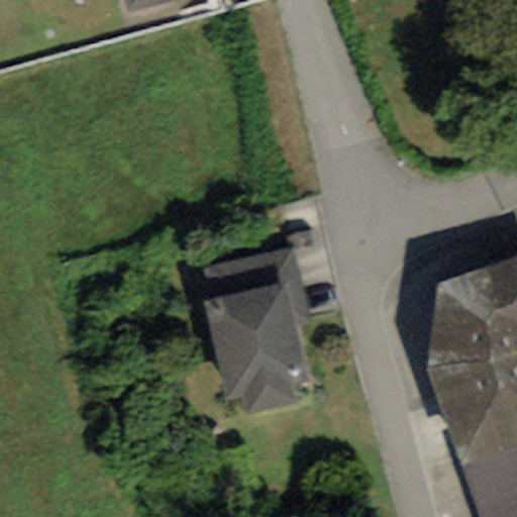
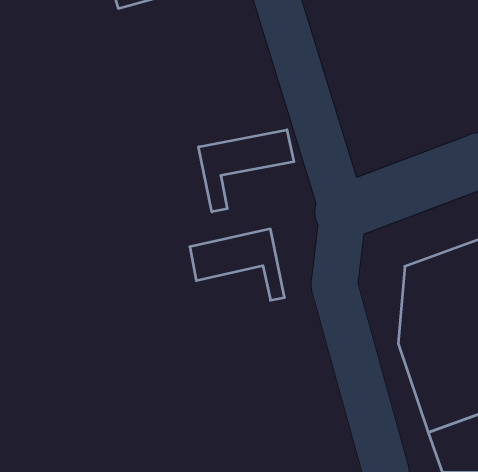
building: none -> [199,130,294,212]
building: [206,286,305,409] -> none

